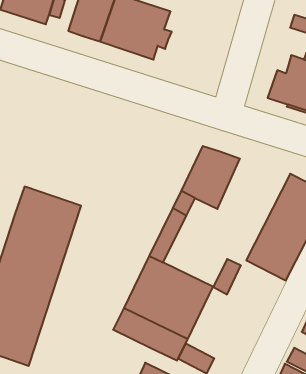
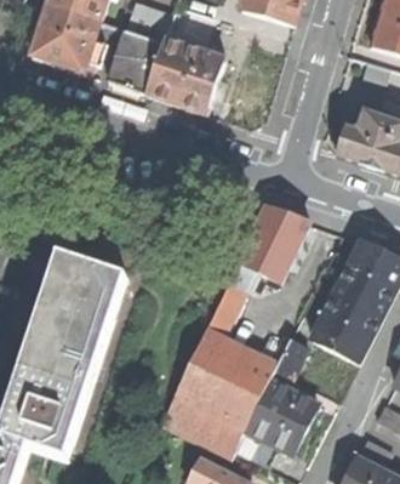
building: none -> [245,380,316,452]

